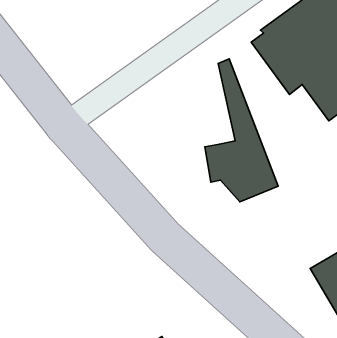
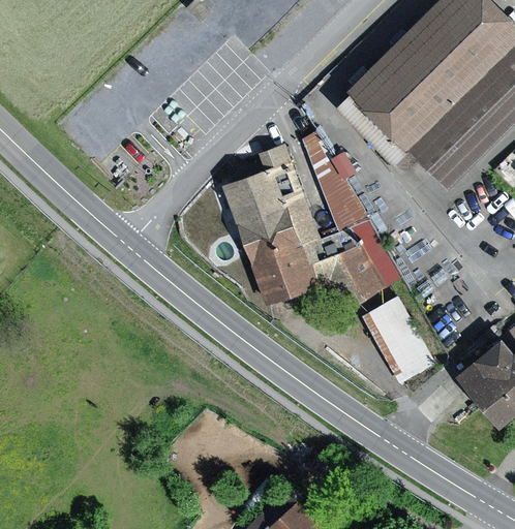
building: none -> [223,143,321,304]
building: none -> [362,295,434,383]

